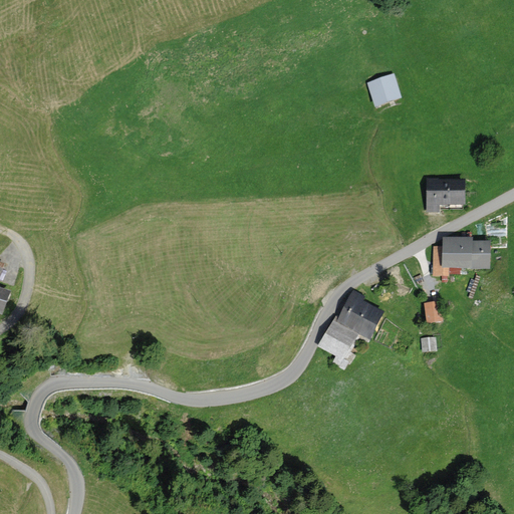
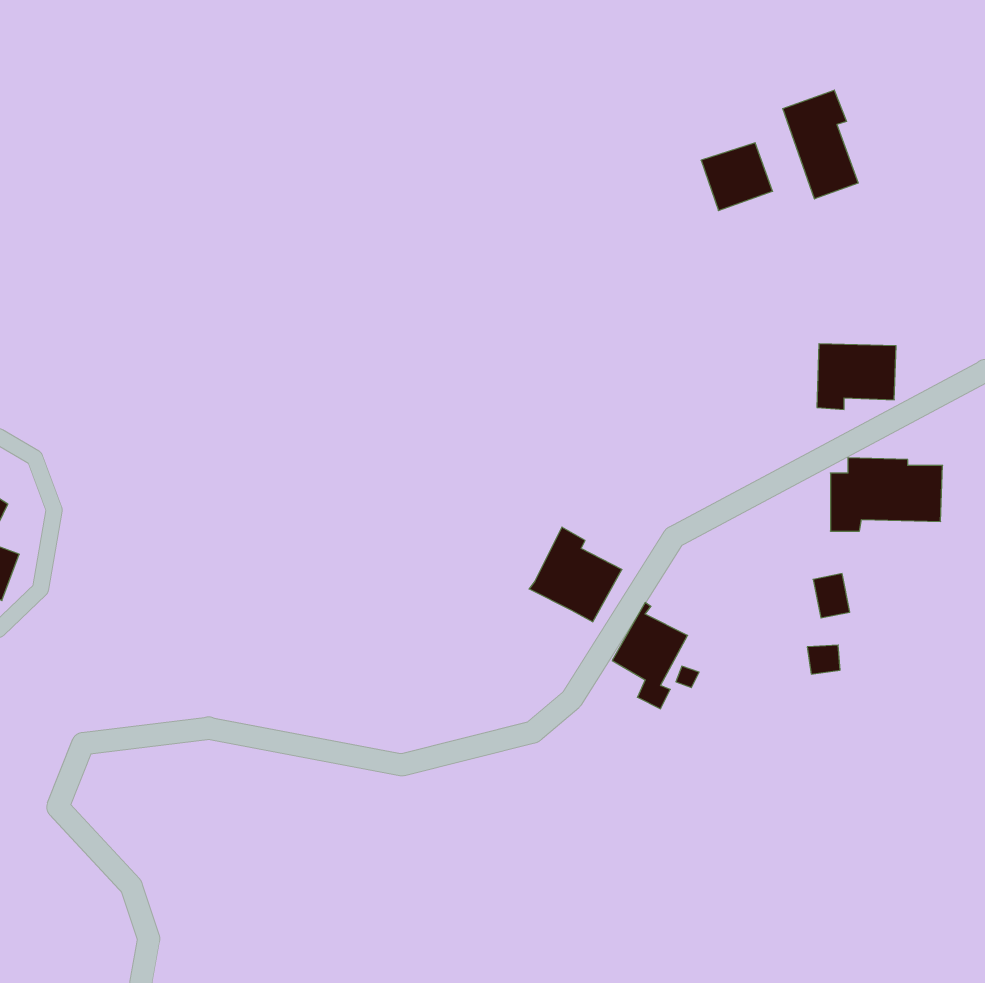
building: none -> [783,90,858,199]
building: [335,287,383,336] -> [529,527,622,622]

